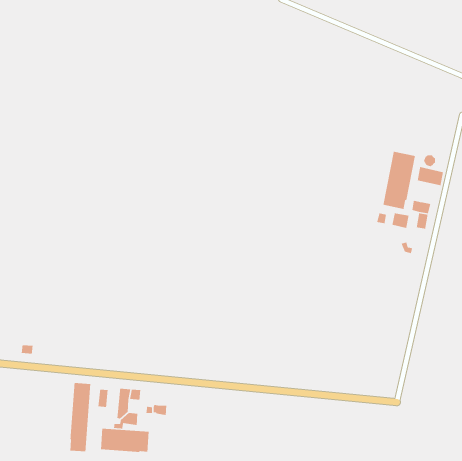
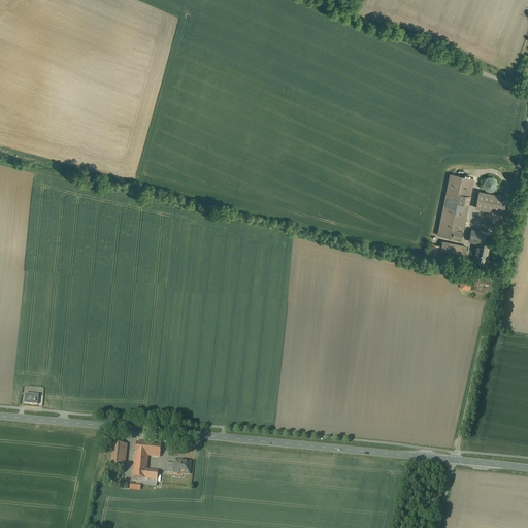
building: [69,382,91,452] -> none
building: [100,428,150,453] -> none

